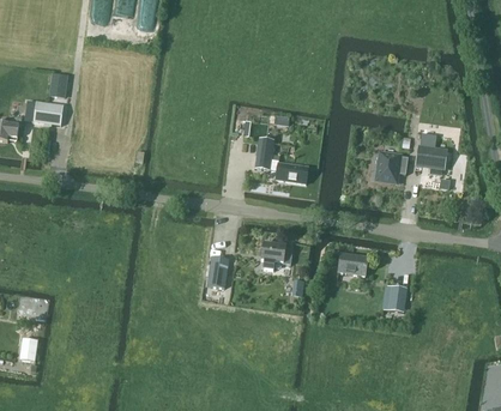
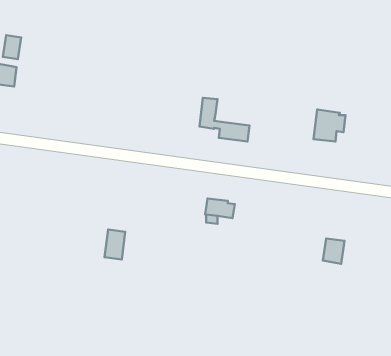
building: [416,146,447,168] -> none
building: [339,254,367,277] -> none
building: [206,255,228,286] -> [105,230,125,259]

